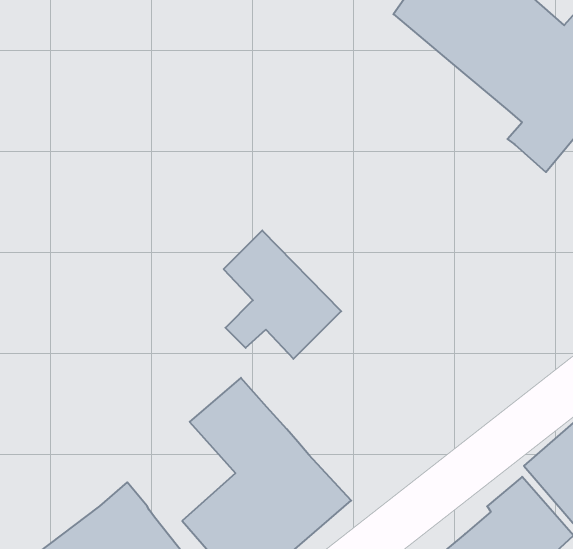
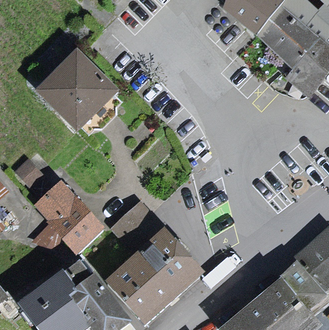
building: none -> [42,57,115,130]
building: [224,230,341,359] -> [37,182,101,252]

